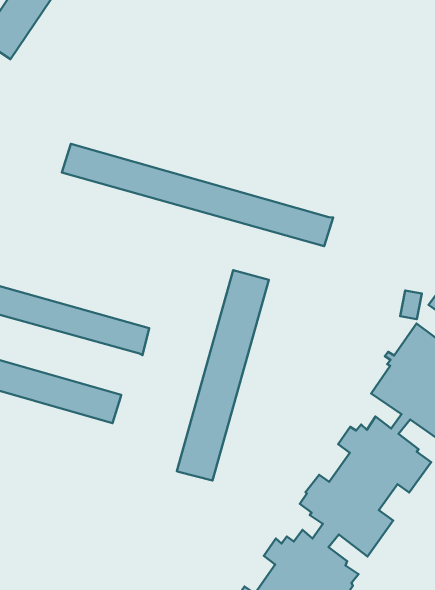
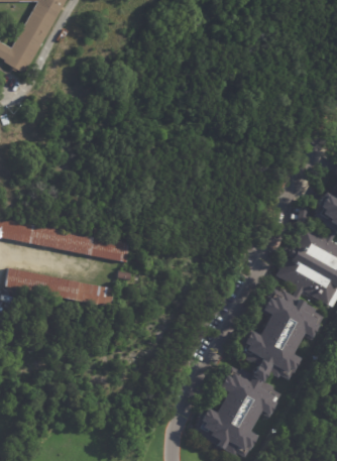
building: [62,144,333,246] -> none
building: [177,270,269,481] -> none

